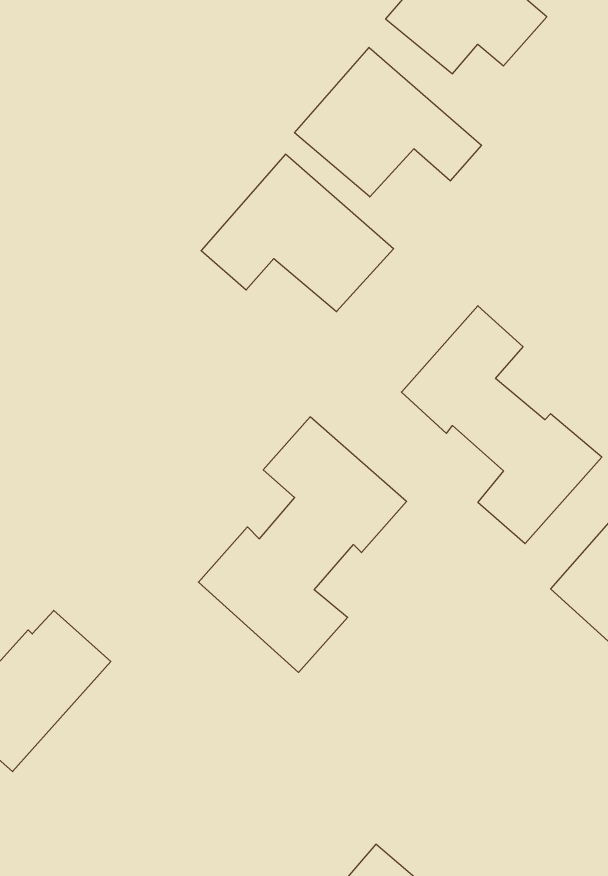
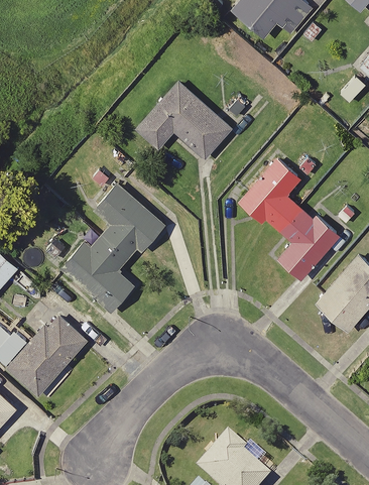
building: [295,47,482,197] -> none
building: [198,417,407,672] -> [59,183,166,314]

